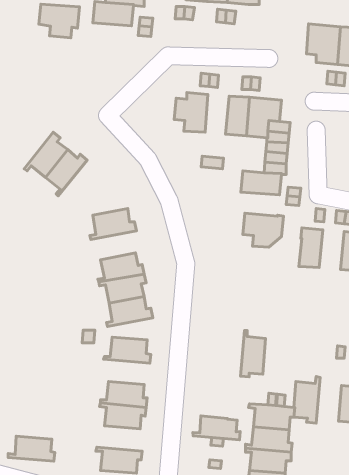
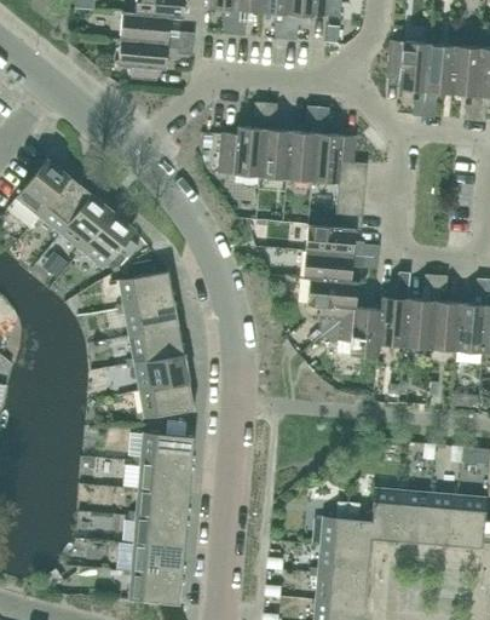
building: [39,4,80,38] -> [117,39,168,81]
building: none -> [260,128,290,178]
building: none -> [16,162,70,222]
building: none -> [76,211,132,268]
building: none -> [302,251,353,281]
building: none -> [403,298,434,348]
building: none -> [117,299,175,335]
building: none -> [338,306,381,356]
building: [240,331,266,377] -> [399,483,431,541]
building: none -> [133,460,191,492]
building: [193,416,240,440] -> none
building: [8,436,55,461] -> [125,544,183,575]

